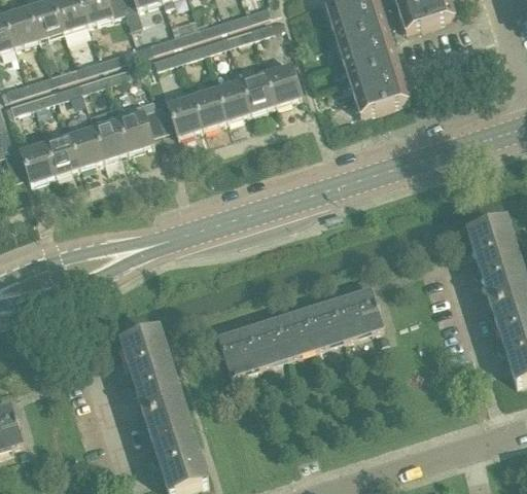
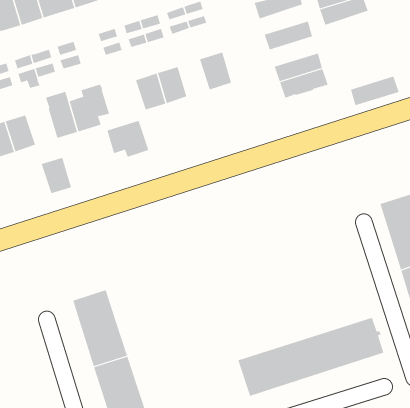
building: [332,9,388,43] -> none
building: [344,45,399,79] -> [350,76,399,106]
building: [241,71,276,113] -> none
building: [155,95,204,137] -> [106,120,149,158]
building: [69,127,104,168] -> [41,157,72,194]
building: [218,286,384,376] -> [238,317,384,397]

